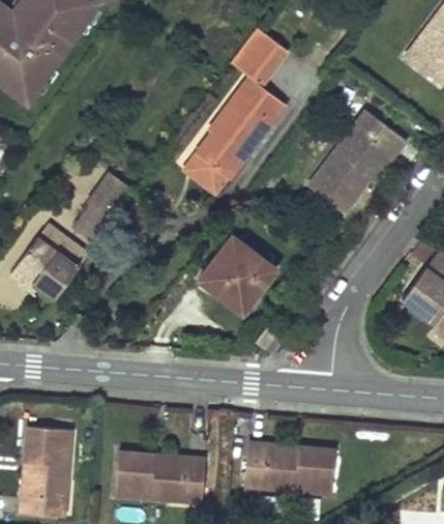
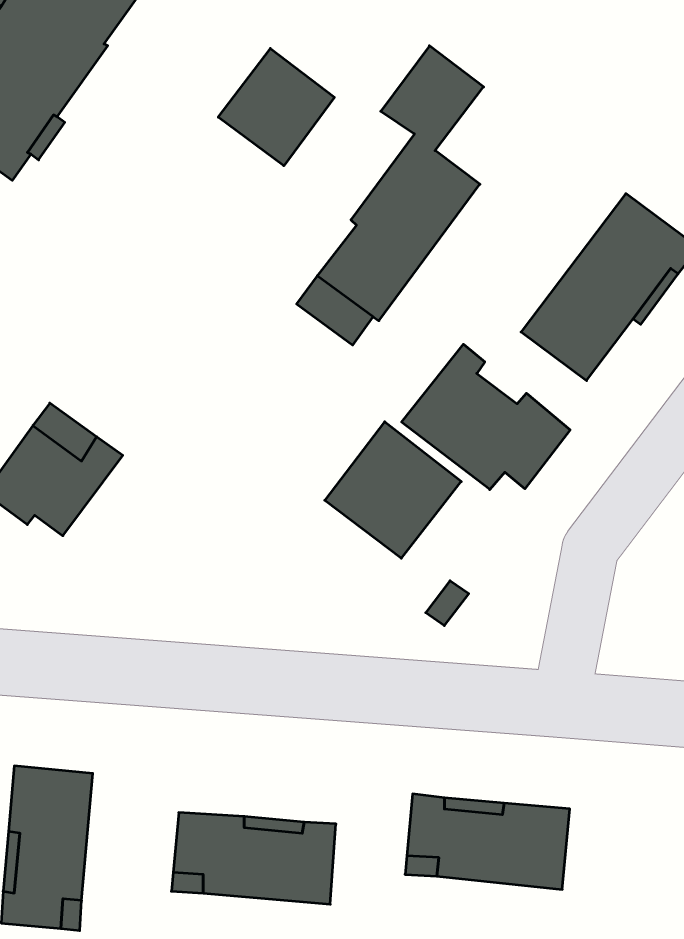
building: none -> [218,48,334,166]
building: [77,173,135,241] -> none
building: none -> [402,344,570,490]

